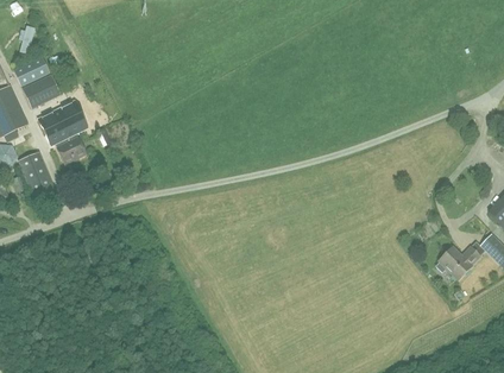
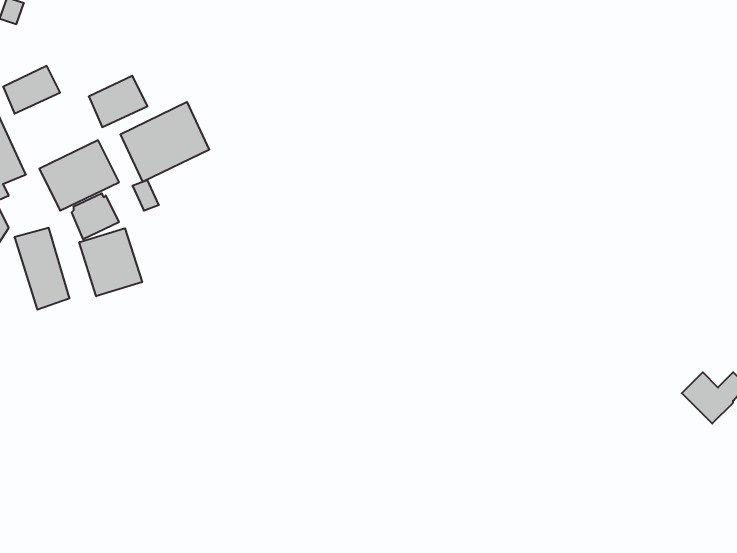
building: [21,74,58,106] -> [89,76,148,127]
building: none -> [120,102,209,182]
building: none -> [79,228,142,296]

